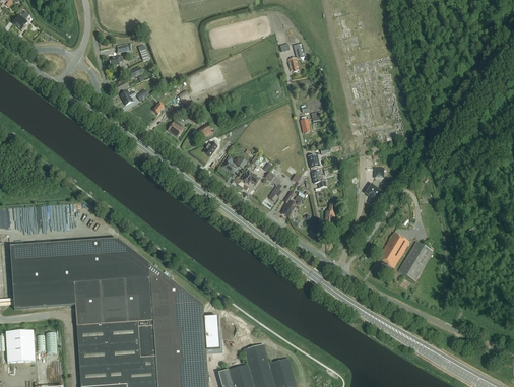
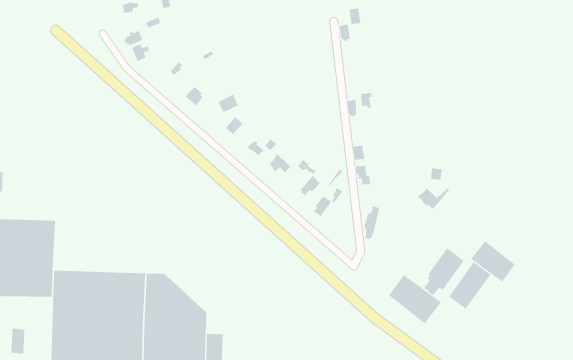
building: none -> [471,240,515,282]
building: [71,238,165,281] -> none
building: none -> [388,274,442,324]

